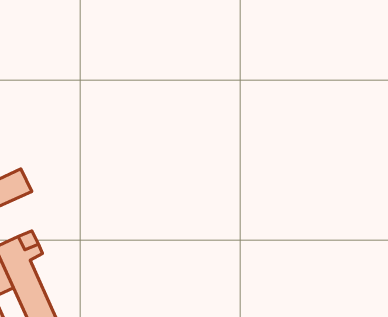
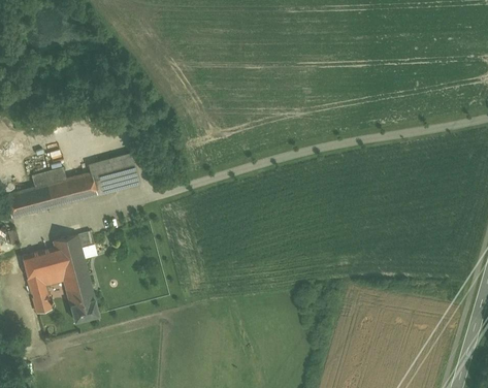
building: none -> [88,154,138,195]

